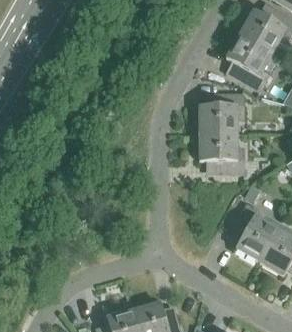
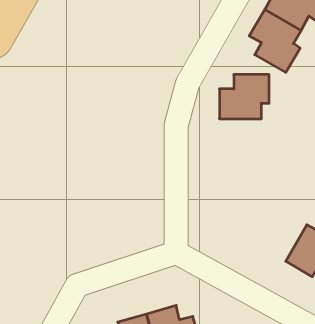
building: [199,133,245,173] -> none
building: [231,203,278,262] -> none

